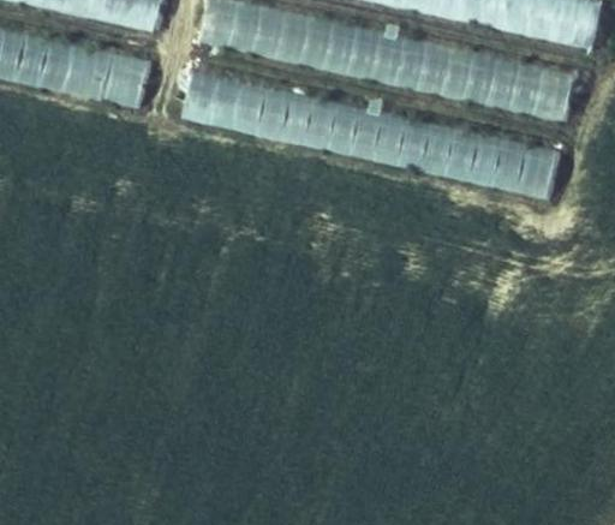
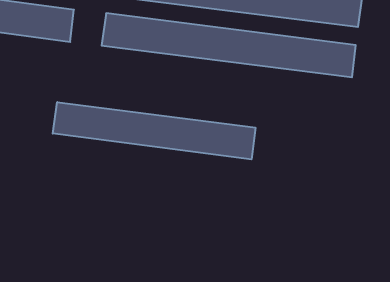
building: none -> [53,102,255,159]

